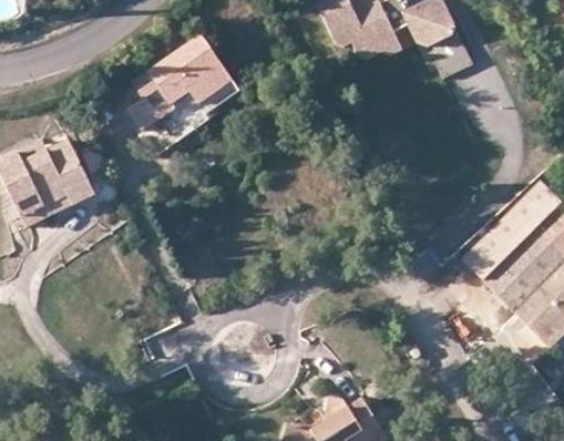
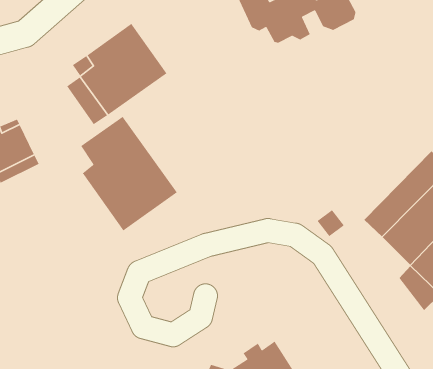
building: [428,21,472,74] -> none
building: none -> [80,116,178,232]

